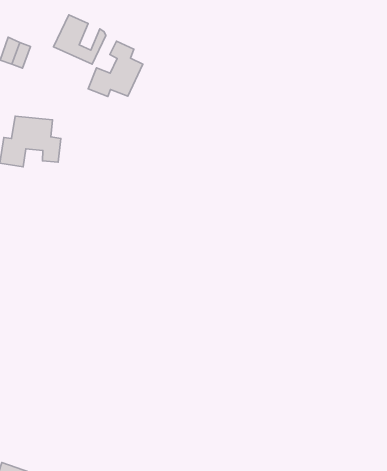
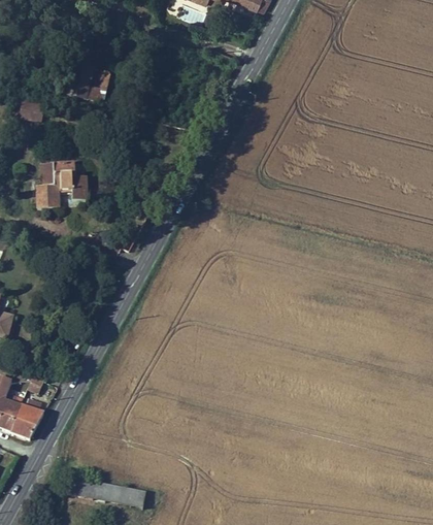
building: [88,41,143,96] -> none

